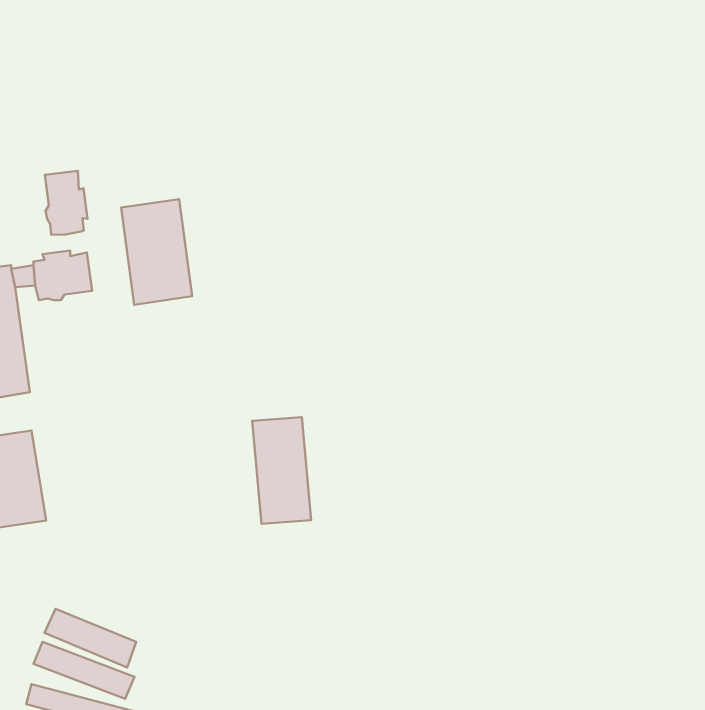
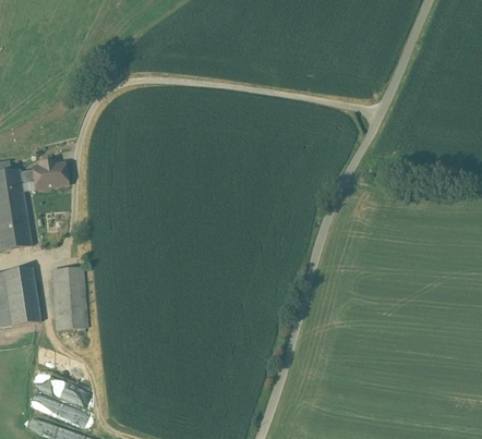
building: [45,171,88,235] -> none
building: [121,199,192,305] -> none
building: [252,417,311,524] -> [52,267,87,330]

